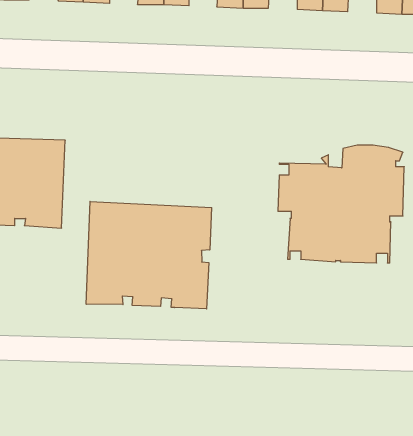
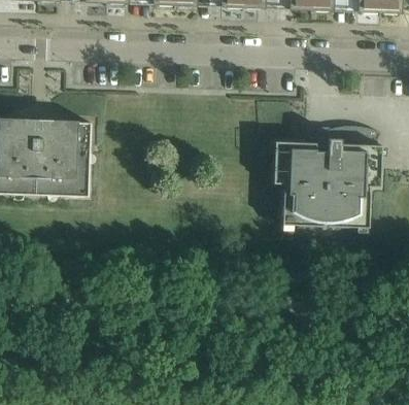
building: [86,201,212,309] -> none

